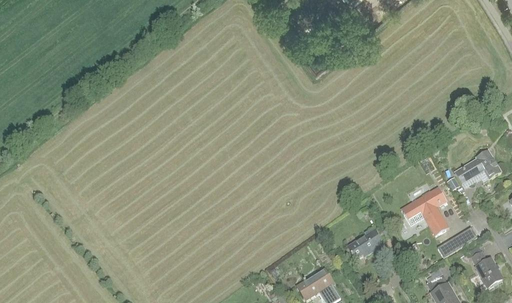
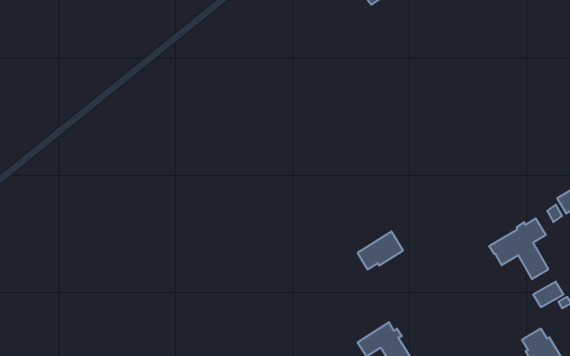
building: [348,230,384,260] -> [358,231,403,269]

